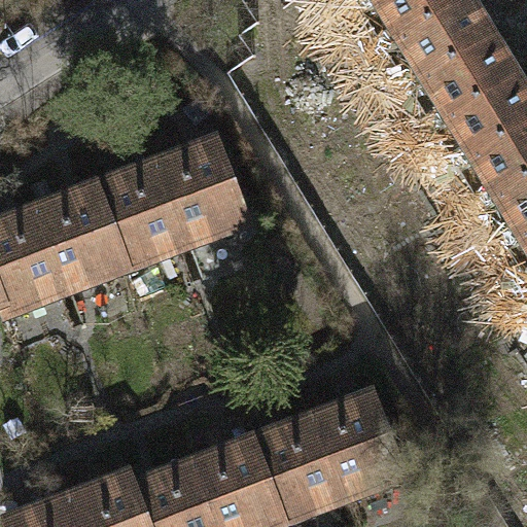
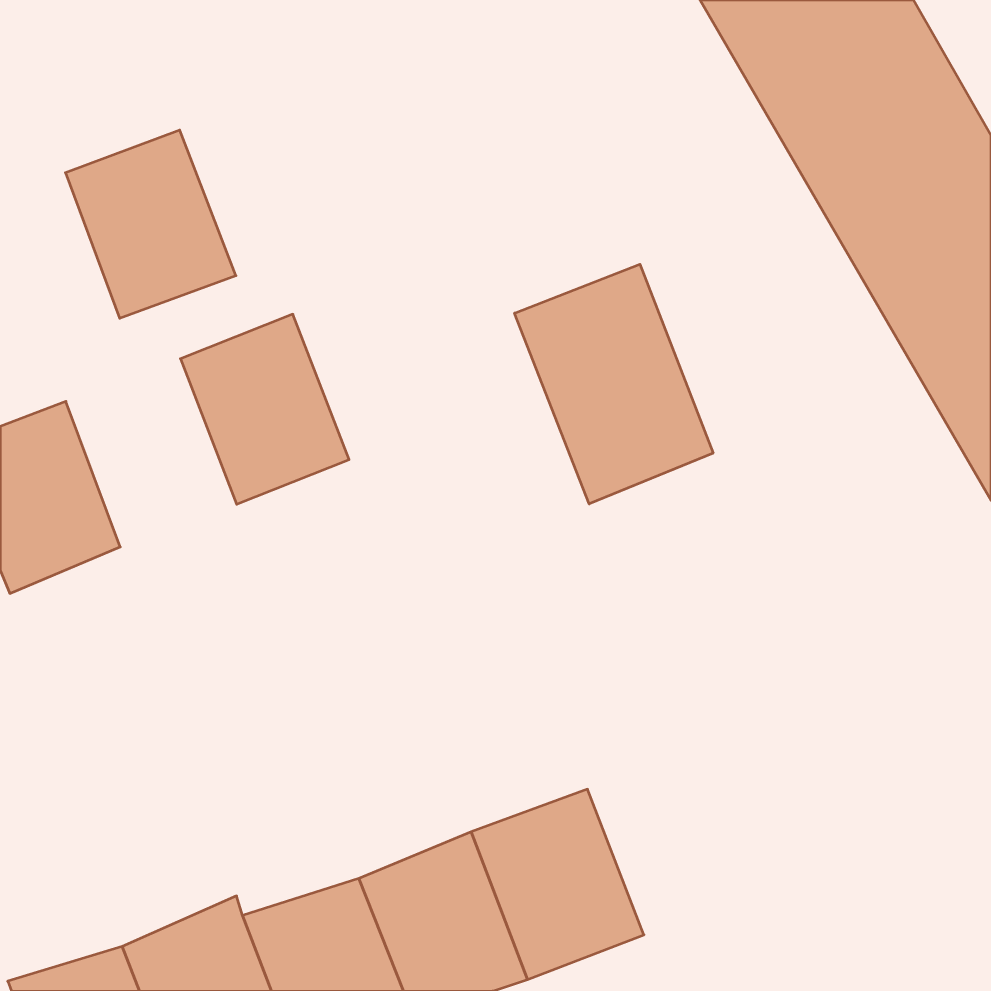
building: none -> [515,264,713,504]
building: [155,144,246,244] -> none
building: [35,190,126,290] -> [65,130,236,318]
building: [312,396,401,496] -> none

